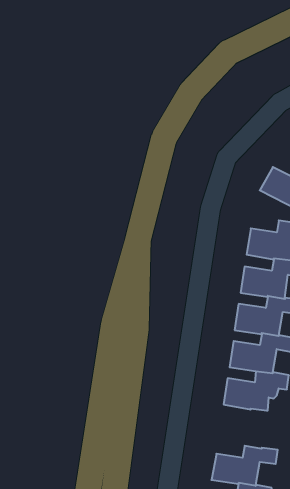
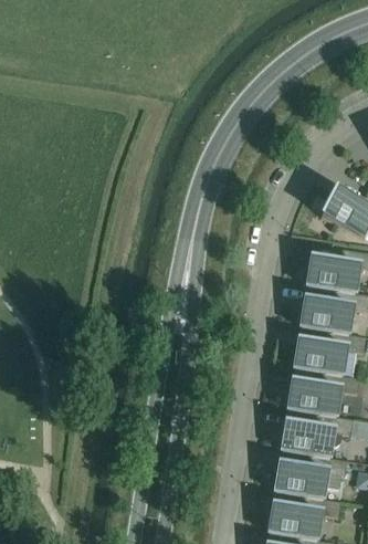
building: none -> [274,454,346,499]

